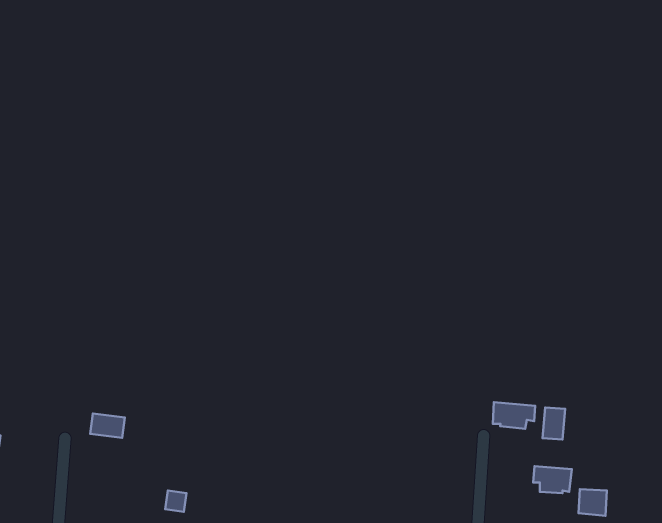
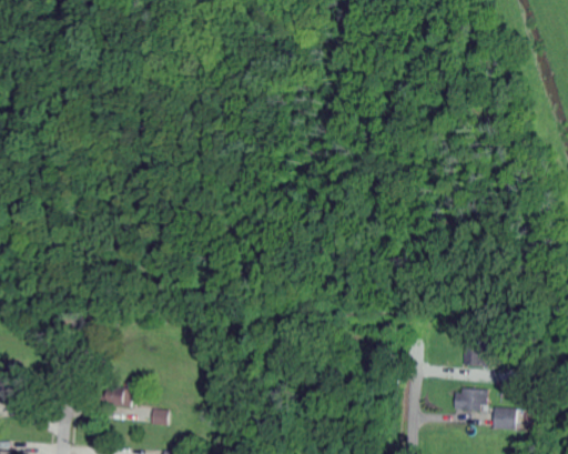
building: [493,402,535,429] -> none
building: [90,414,125,438] -> [103,389,132,408]

